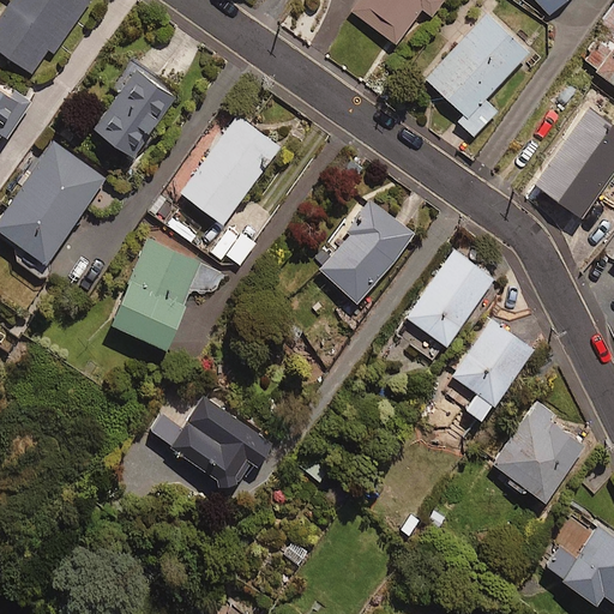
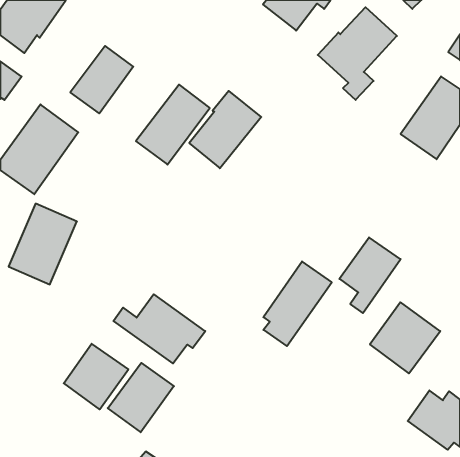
building: [318,199,414,302] -> [189,91,261,168]
building: [112,239,203,347] -> [9,204,77,284]
building: [403,249,494,362] -> [263,261,332,346]
building: none -> [64,344,128,409]
building: none -> [108,363,174,432]

